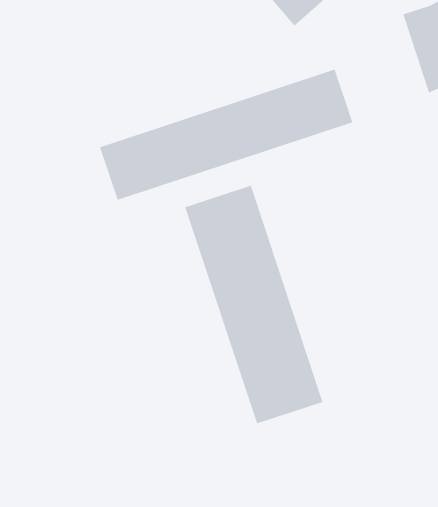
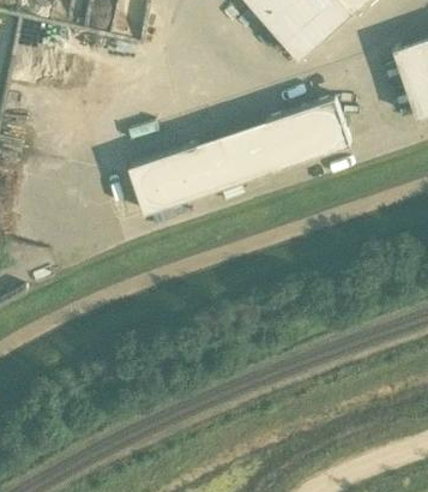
building: [185,185,323,424] -> none

